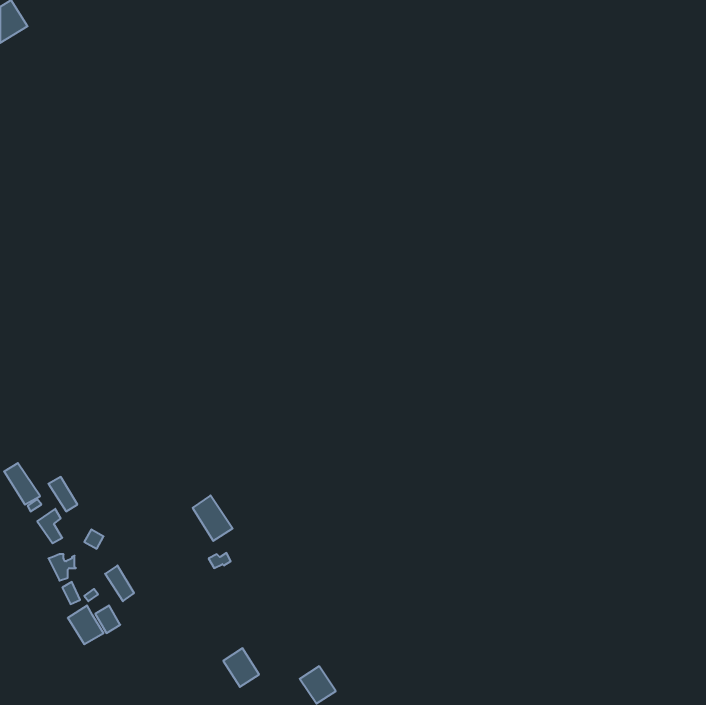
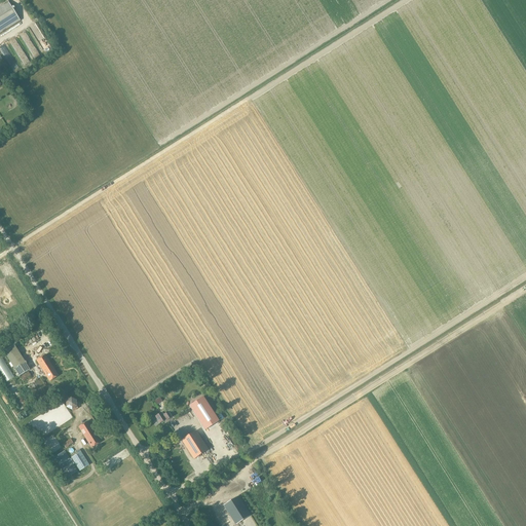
building: [193,495,233,541] -> [189,396,219,429]
building: [223,648,259,687] -> [181,429,208,458]

